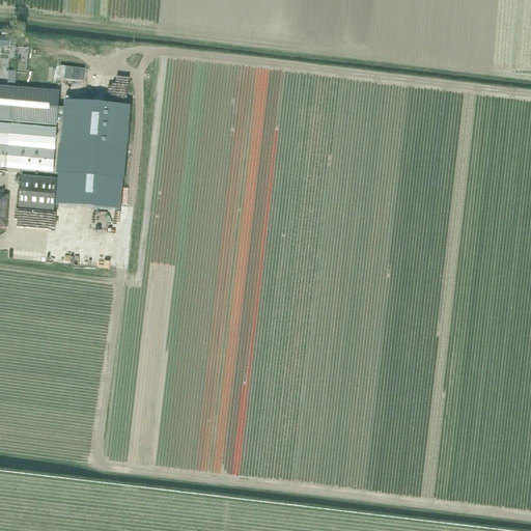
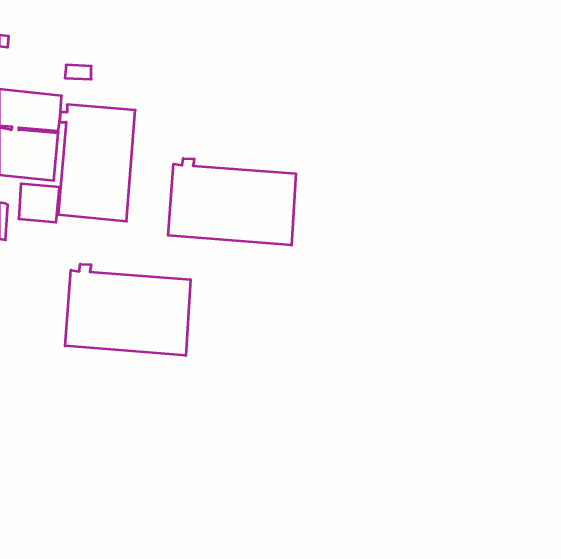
building: none -> [168,158,296,245]
building: none -> [65,264,190,356]

